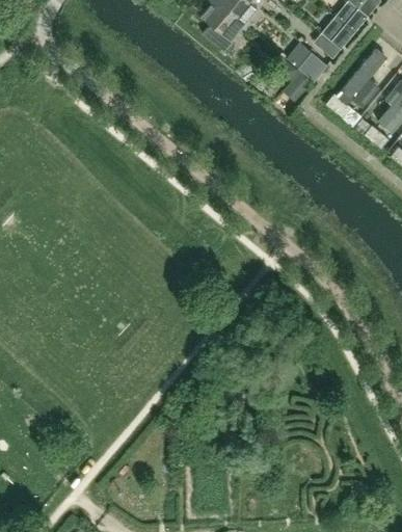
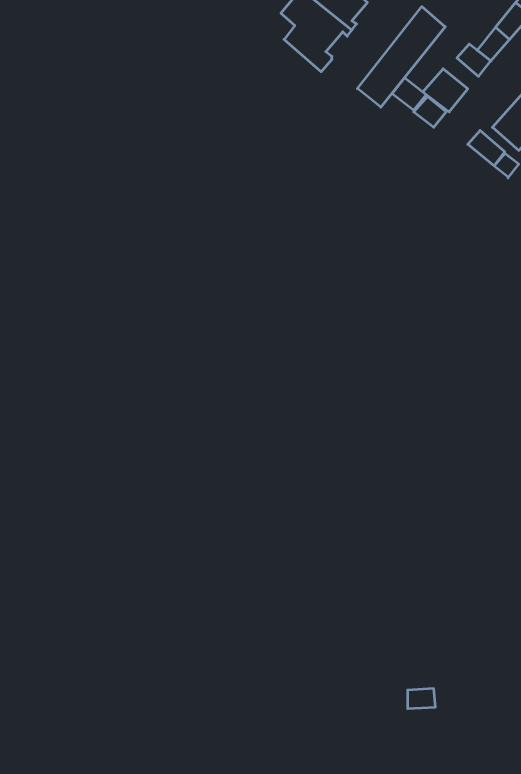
building: none -> [357,7,445,107]

